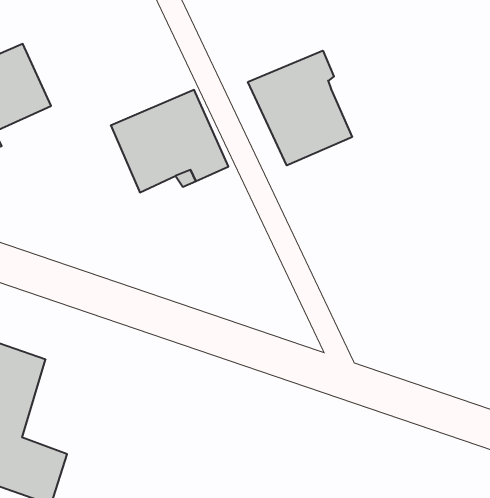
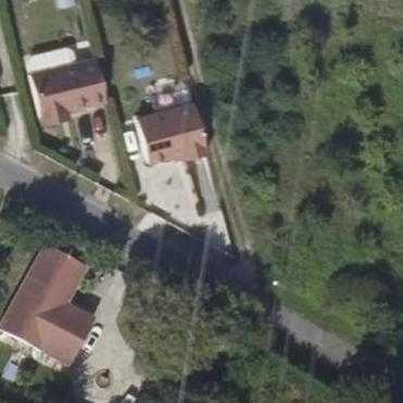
building: [248,51,352,165] -> none

